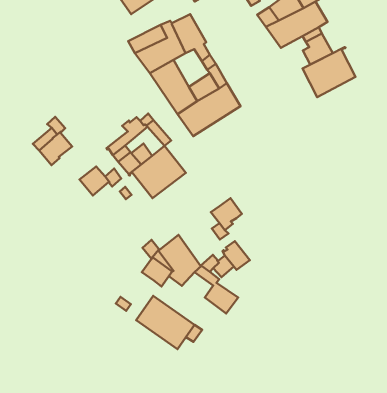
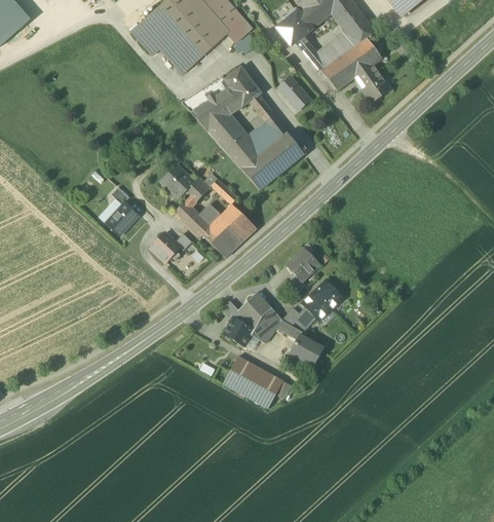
building: none -> [278,76,310,109]
building: [303,47,356,97] -> none
building: none -> [161,163,200,198]
building: none -> [314,279,343,308]

